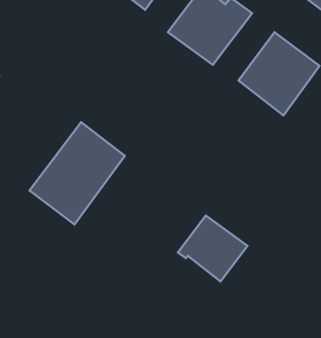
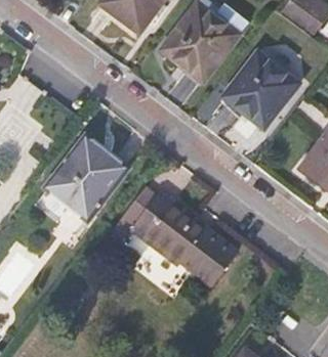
building: none -> [111,183,197,253]

